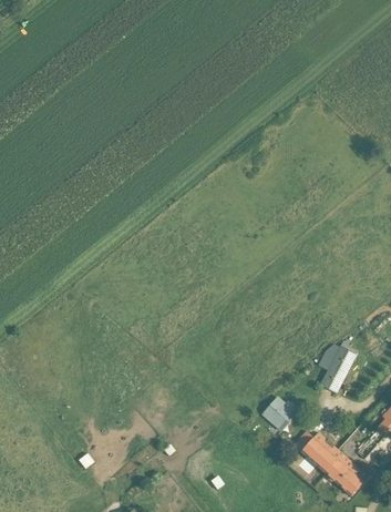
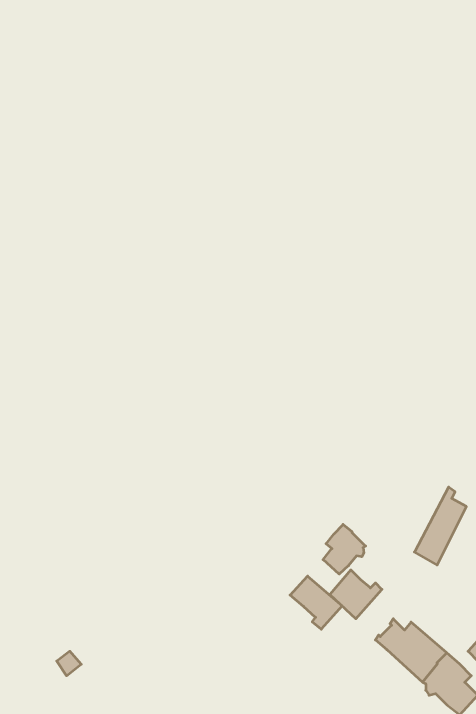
building: none -> [323,524,366,574]
building: none -> [290,576,342,629]

